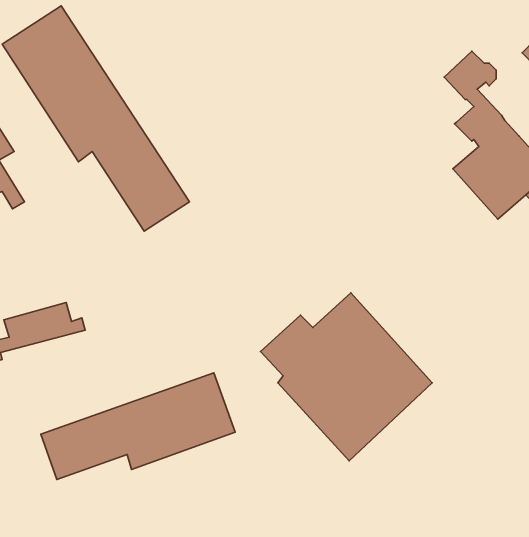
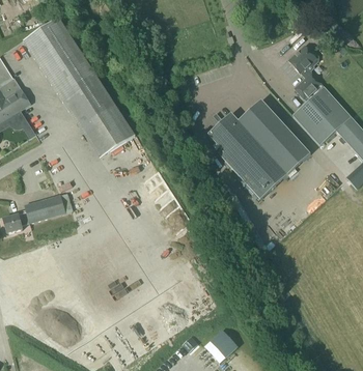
building: [261,293,432,461] -> [206,99,309,200]
building: [41,373,235,480] -> none

